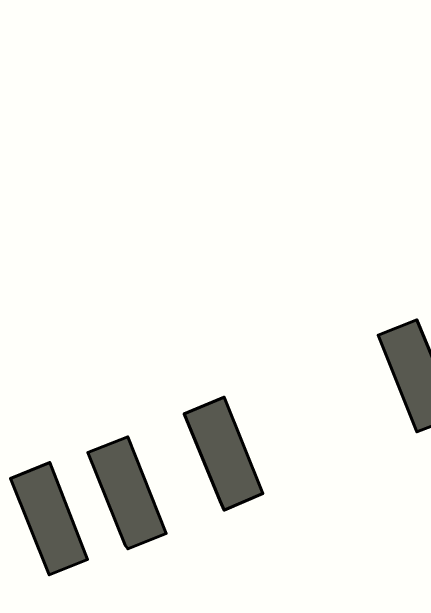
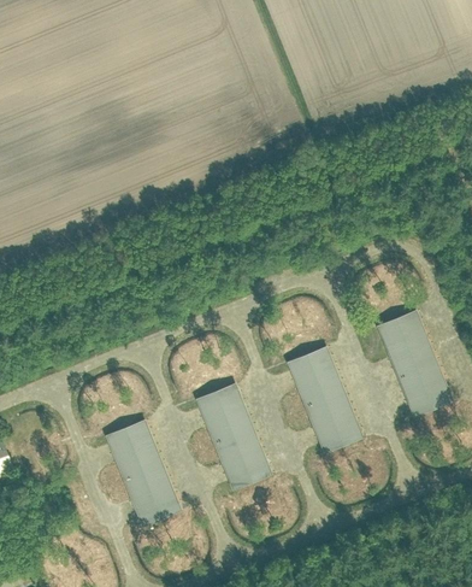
building: none -> [288,346,361,451]
building: [11,462,87,575] -> none

